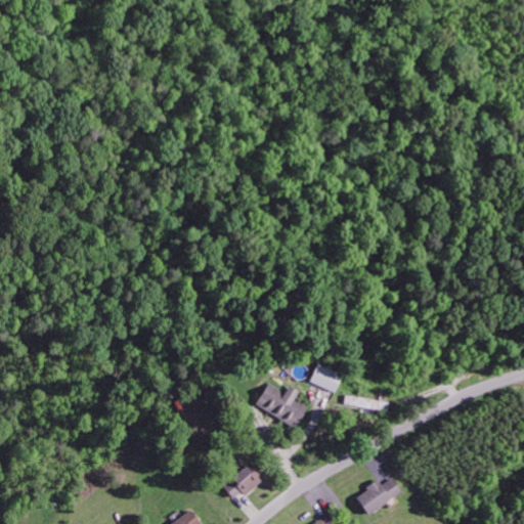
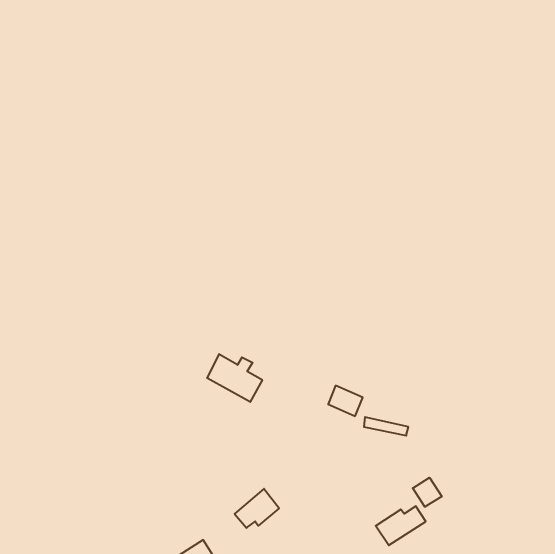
building: [255,383,307,428] -> [207,354,262,402]
building: none -> [413,478,442,507]

